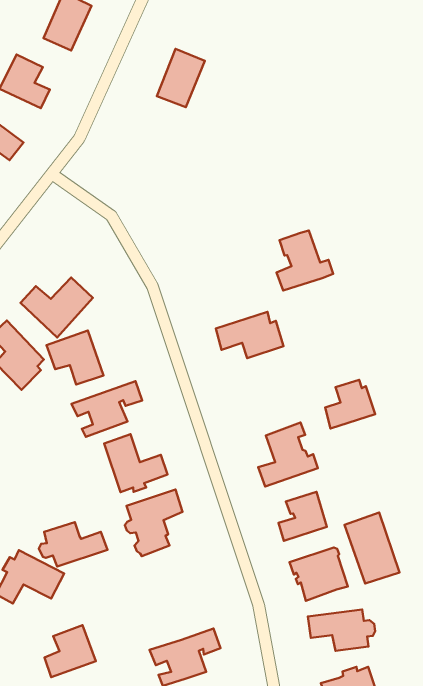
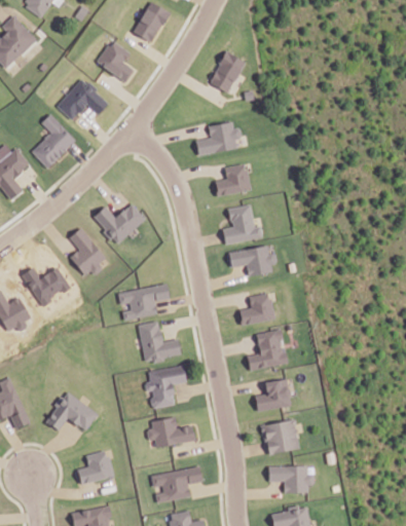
building: none -> [195,122,241,156]
building: none -> [214,164,250,197]
building: [276,230,333,290] -> [221,203,261,243]
building: [47,330,104,385] -> none
building: [325,380,375,429] -> [238,293,273,325]
building: [345,512,400,583] -> none
building: [39,522,107,567] -> [147,416,195,446]

